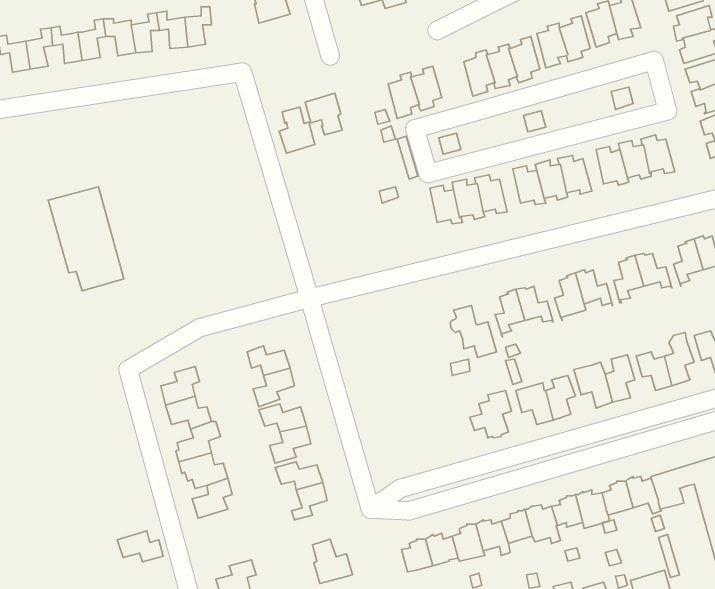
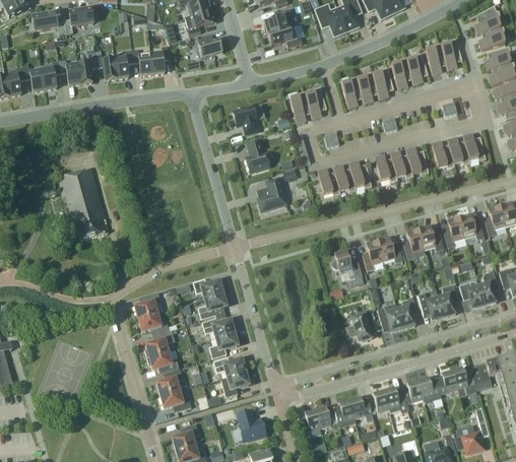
building: [279,107,315,153] -> [245,141,269,173]
building: none -> [257,178,286,211]
building: [117,531,163,562] -> [159,390,191,411]

